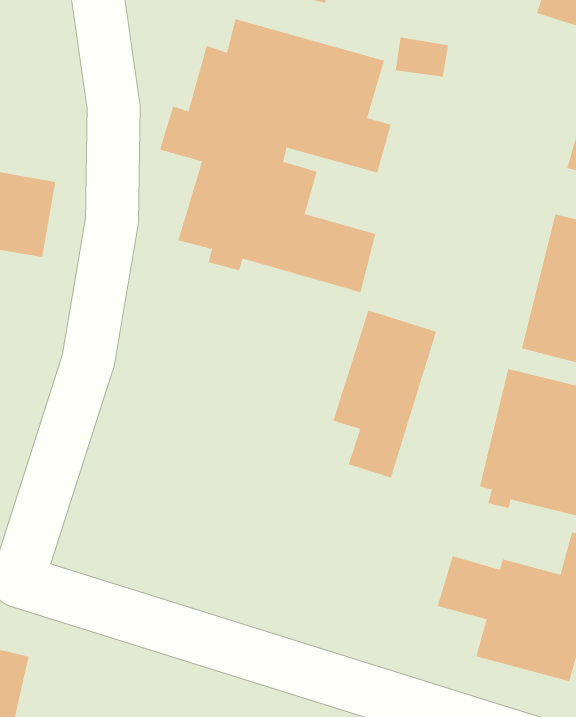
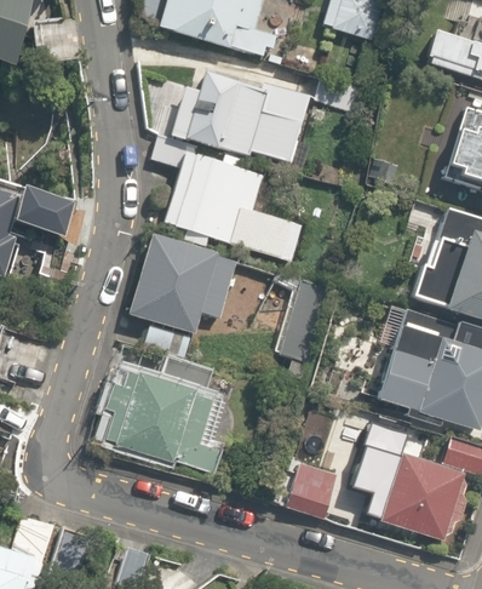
building: none -> [127,234,239,333]
building: none -> [103,368,229,476]
building: none -> [286,462,348,513]

